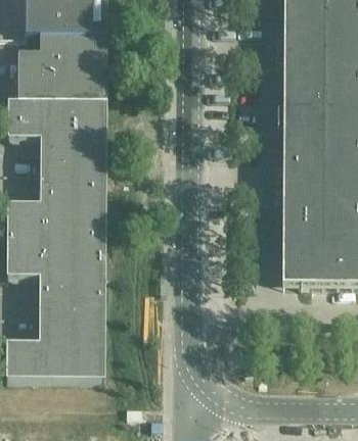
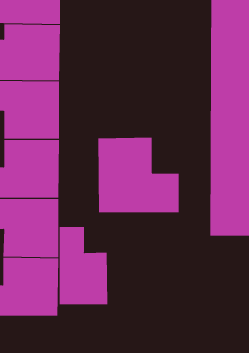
building: none -> [98,137,179,213]
building: none -> [59,226,108,305]

